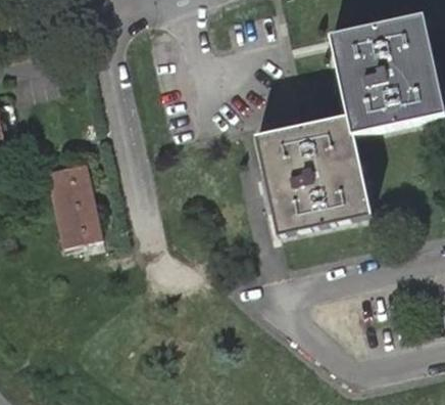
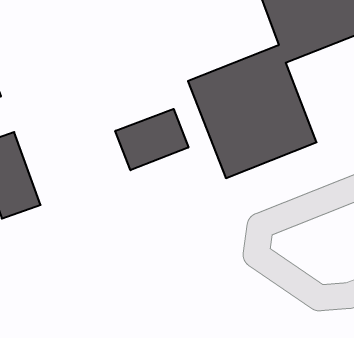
building: none -> [115,109,188,170]

